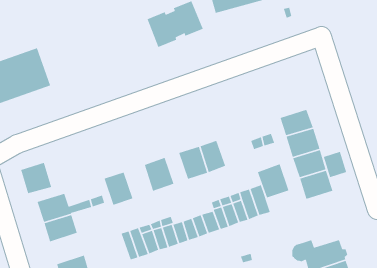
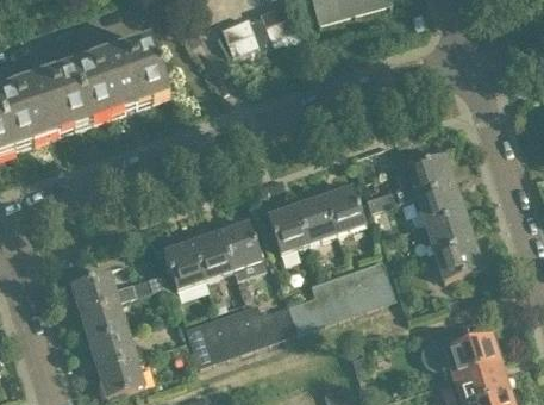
building: none -> [71,42,170,123]
building: [323,151,347,178] -> none
building: [20,162,52,194] -> none
building: [257,163,290,198] -> [320,186,365,235]
building: none -> [192,232,231,280]
building: none -> [88,328,144,370]

